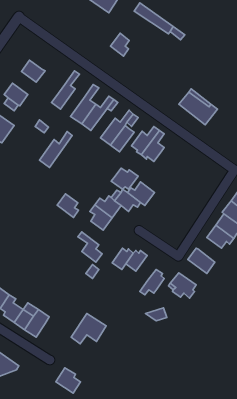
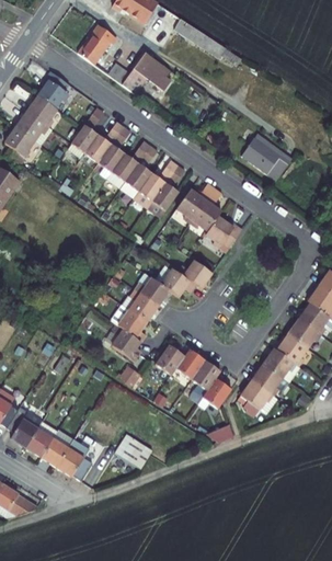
building: none -> [79,24,116,62]
building: none -> [112,49,163,92]
building: none -> [42,70,71,106]
building: none -> [19,110,60,147]
building: none -> [124,162,157,198]
building: [40,131,72,167] -> [83,122,127,170]
building: [111,168,138,189] -> [205,217,241,245]
building: [57,194,79,218] -> [113,310,141,342]
building: none -> [267,332,299,365]
building: none -> [184,356,214,389]
building: none -> [242,362,279,397]
building: [56,368,80,393] -> [50,447,83,481]

